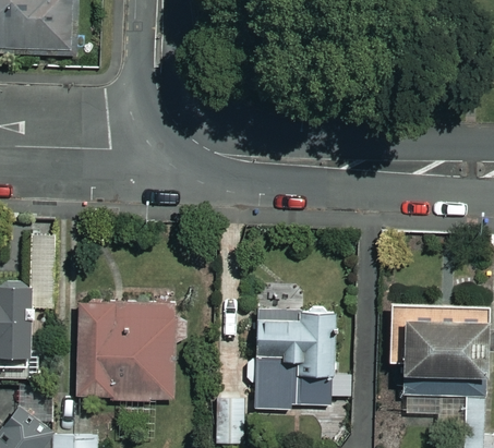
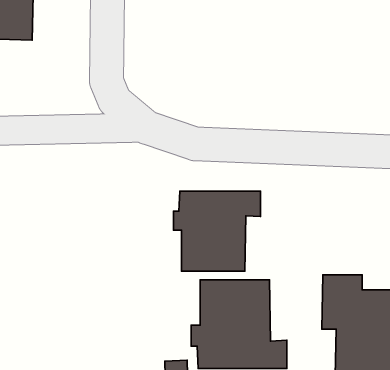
building: none -> [173,191,260,271]
building: [76,303,176,399] -> none

